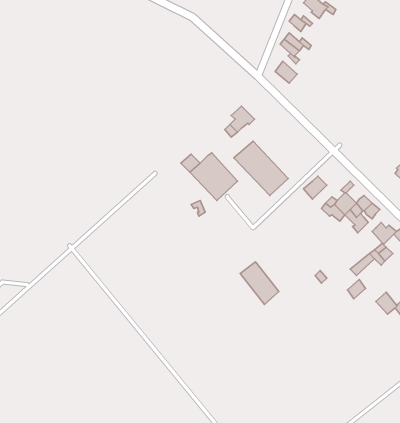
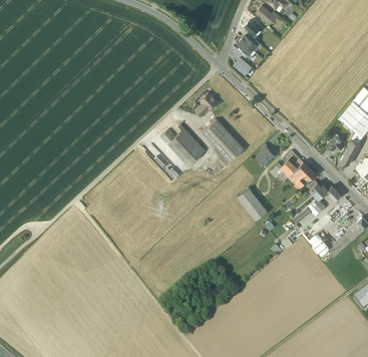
building: [240,262,279,304] -> [237,187,267,220]

